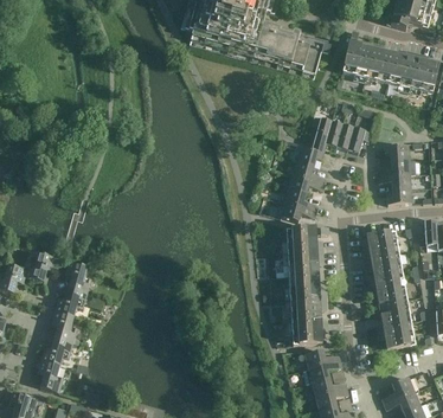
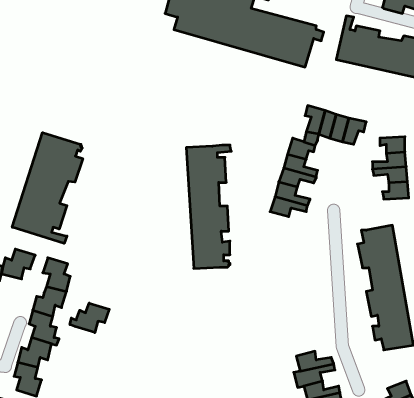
building: none -> [12,133,83,243]
building: [285,227,328,345] -> [186,145,231,268]
building: none -> [70,303,109,333]

